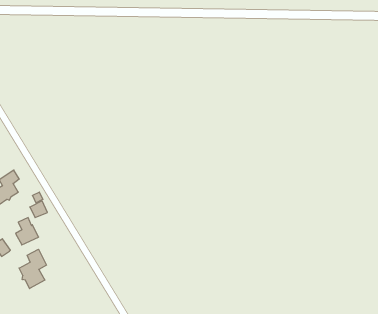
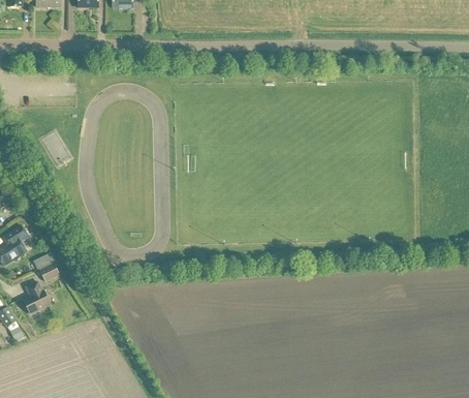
building: [19,249,46,289] -> none

